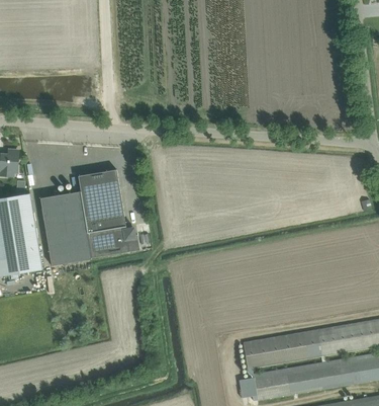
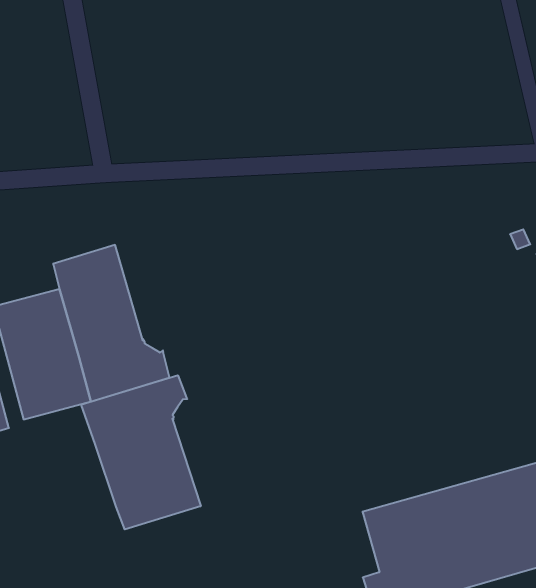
building: none -> [81,375,201,529]

